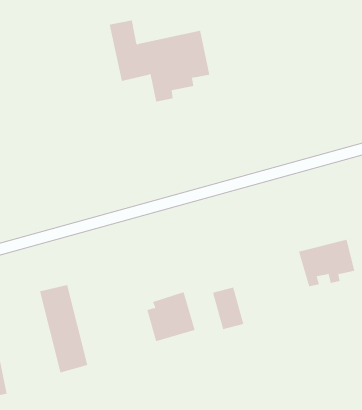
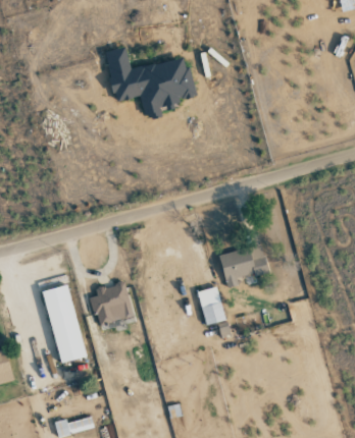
building: [298,239,355,287] -> [218,244,269,287]
building: [146,292,195,342] -> [90,281,134,326]

